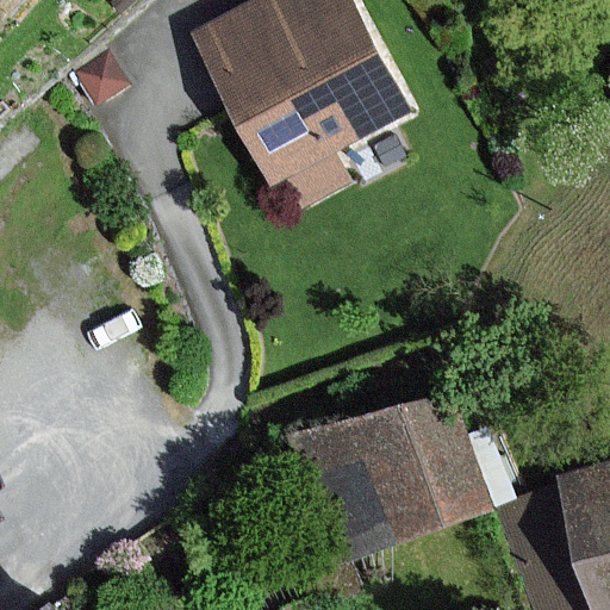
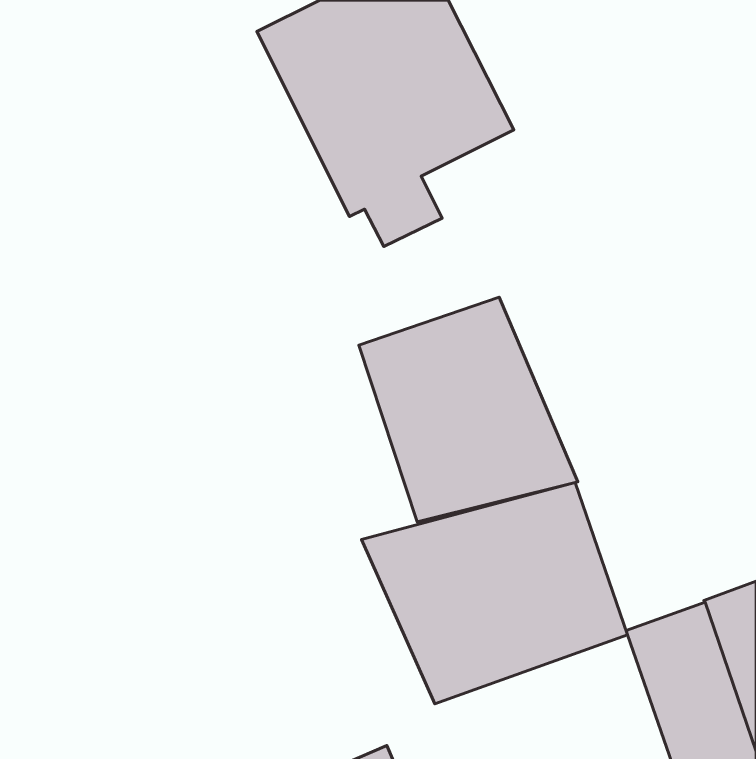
building: none -> [359,297,578,522]

